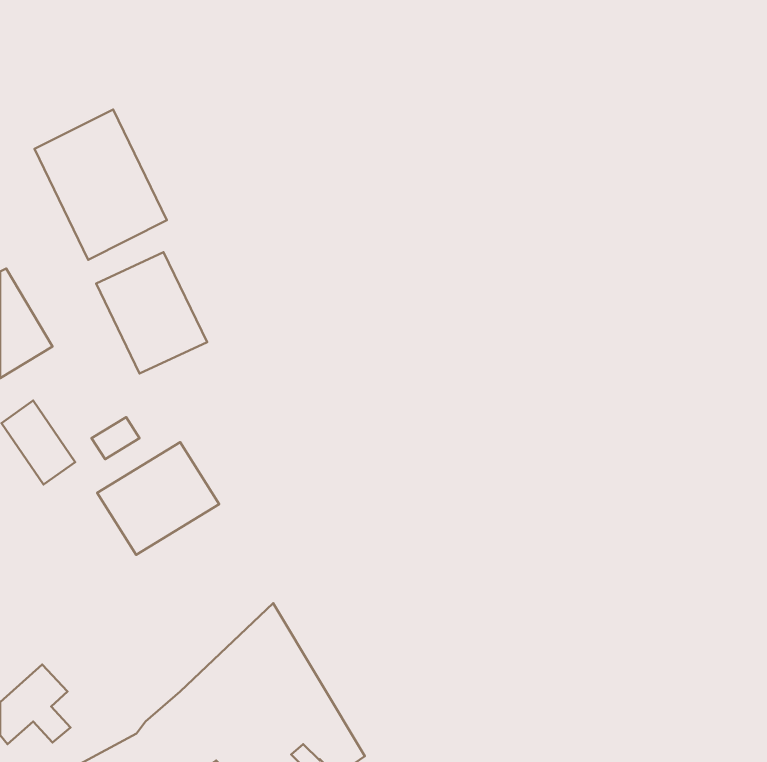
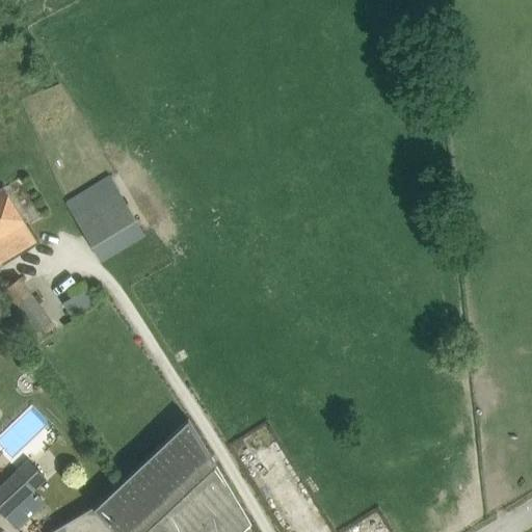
building: [34,109,167,260] -> none
building: [97,442,219,555] -> none

